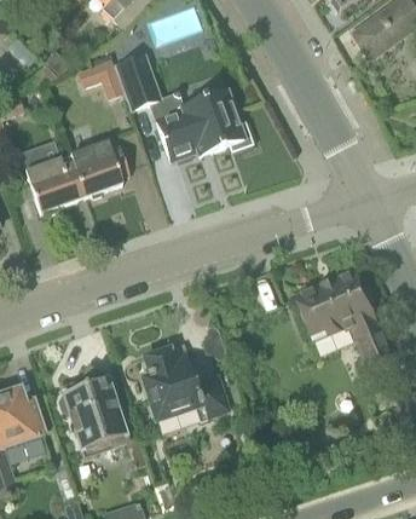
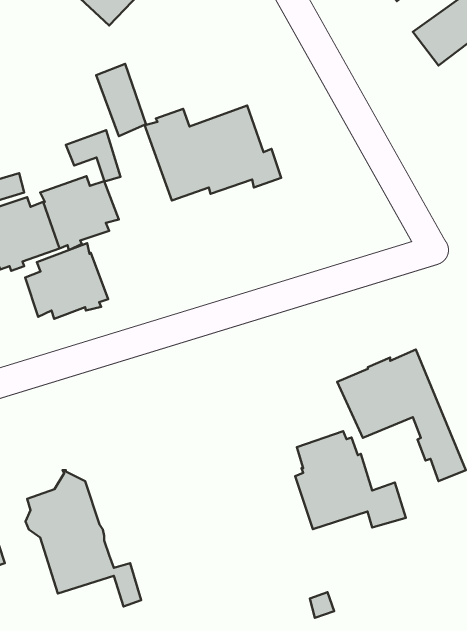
building: [79,59,120,98] -> [66,130,121,182]
building: none -> [25,243,108,319]
building: [144,345,227,419] -> [295,431,406,529]

